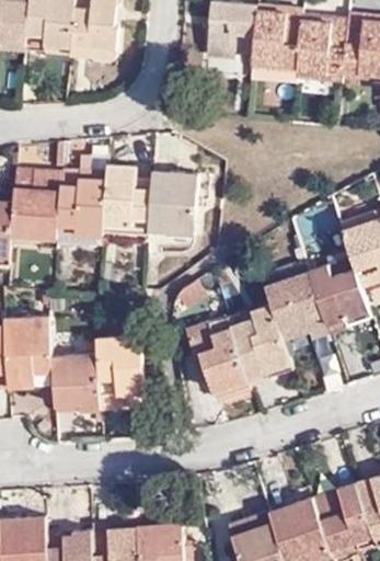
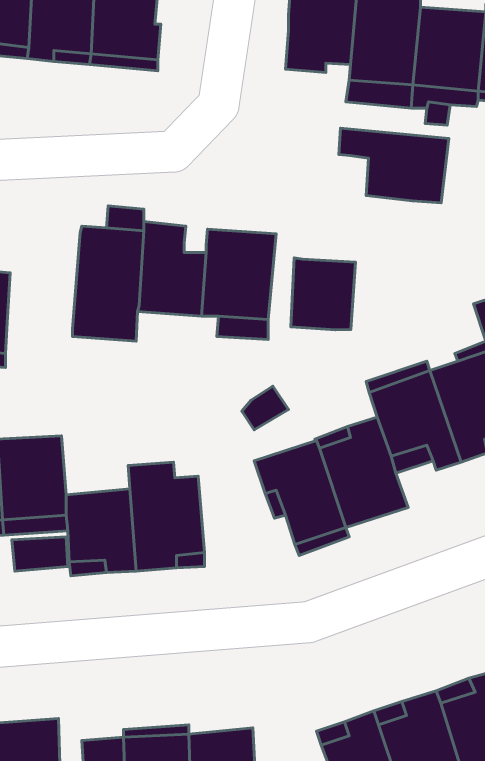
building: none -> [339,128,449,203]
building: [10,168,61,240] -> none
building: none -> [291,258,355,330]

